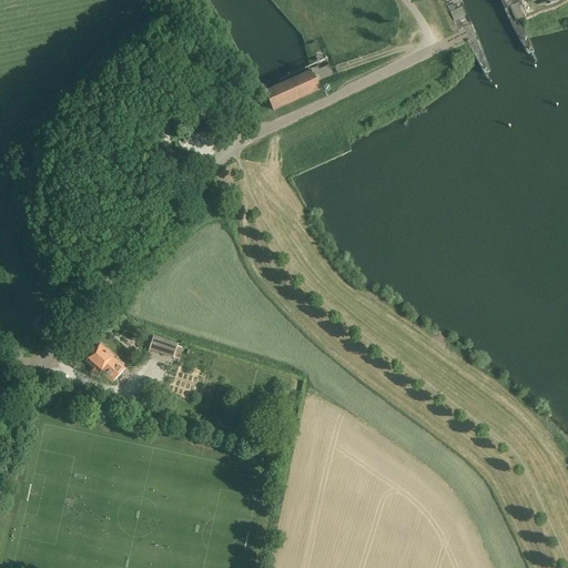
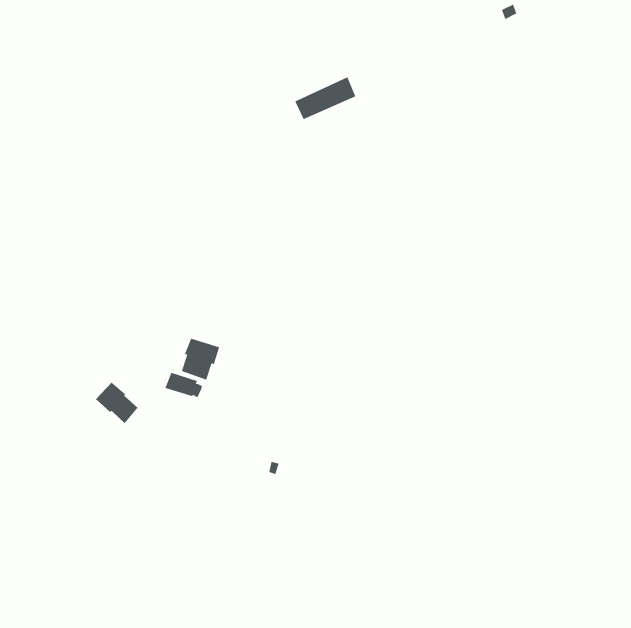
building: none -> [181,338,220,380]

